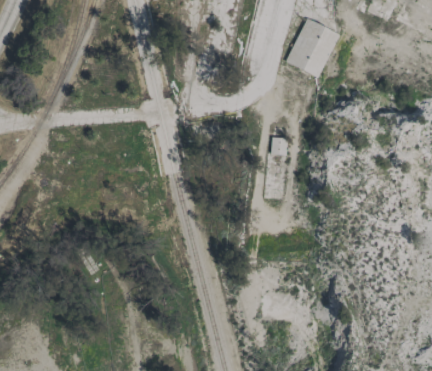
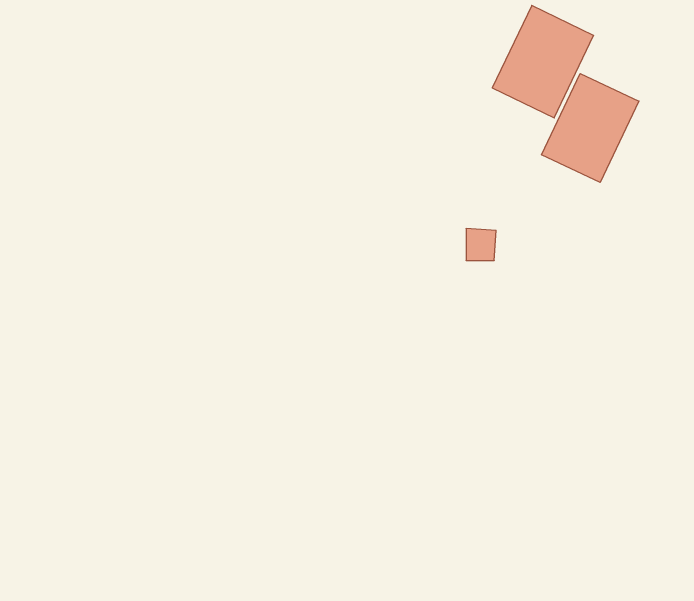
building: none -> [542,74,639,182]

